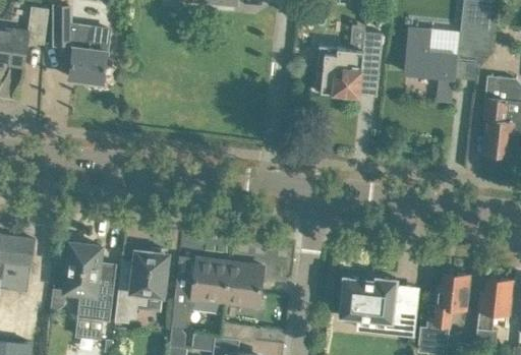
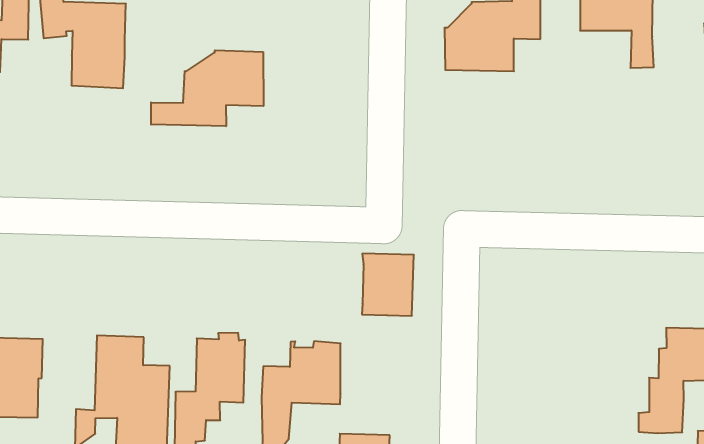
building: none -> [151,50,263,126]
building: [225,262,263,306] -> [362,254,414,316]
building: [339,277,417,336] -> none

